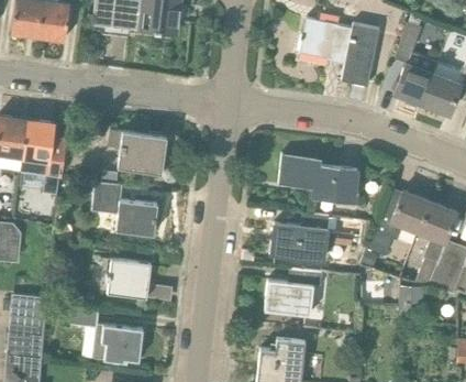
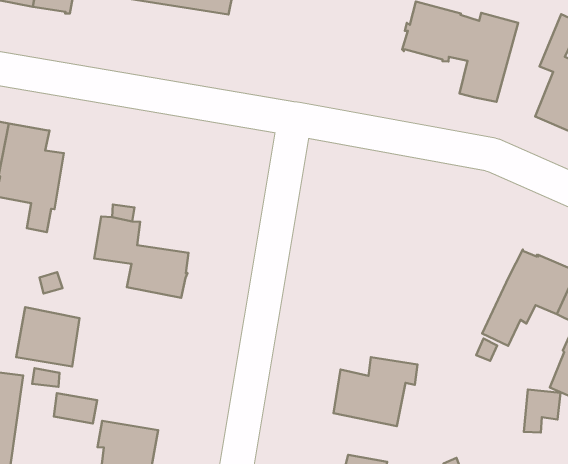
building: [119,132,166,174] -> none
building: [278,154,357,203] -> none
building: [273,214,329,260] -> none
building: [108,259,151,298] -> [16,307,79,366]

